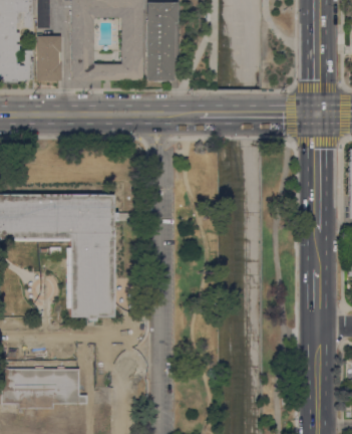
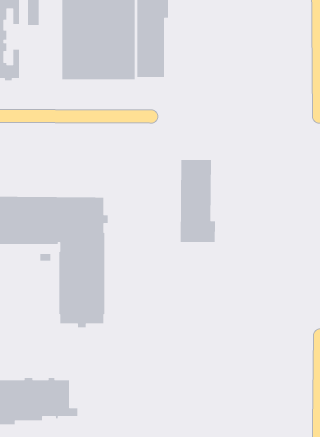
building: [38,36,61,80] -> none
building: none -> [180,159,216,243]

